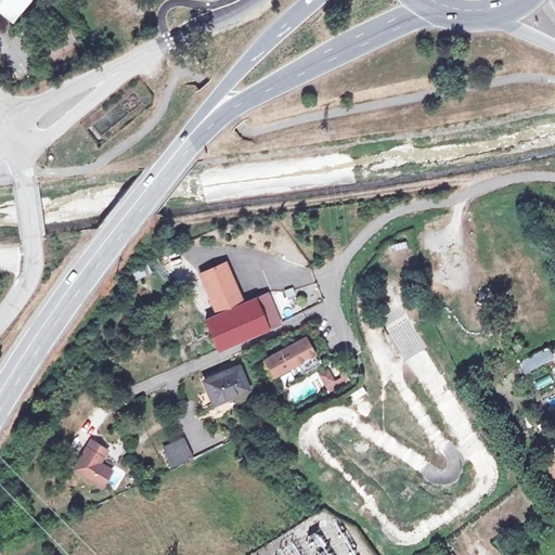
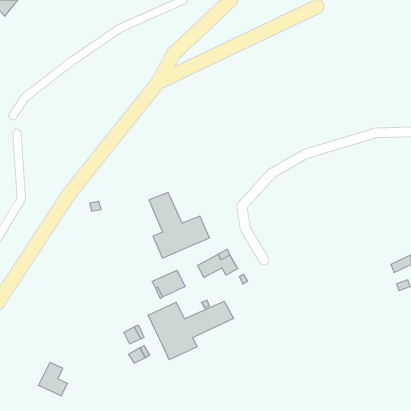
building: none -> [148,301,234,360]
building: [76,449,115,493] -> [38,363,68,396]

